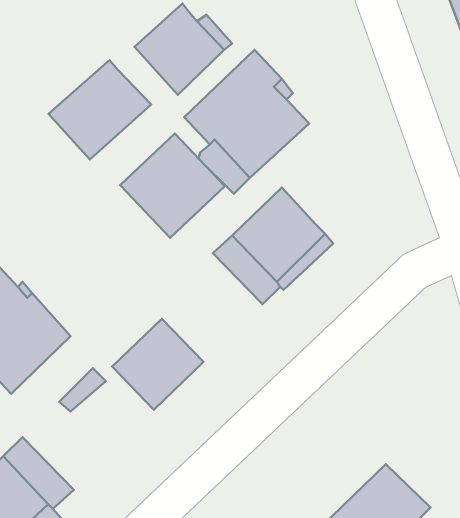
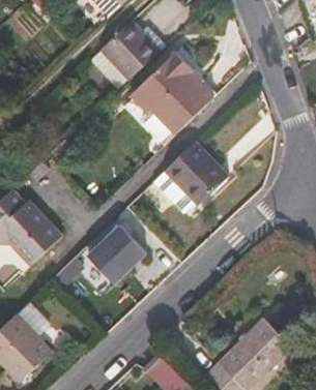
building: [49,60,151,159] -> none
building: [120,134,225,238] -> none

